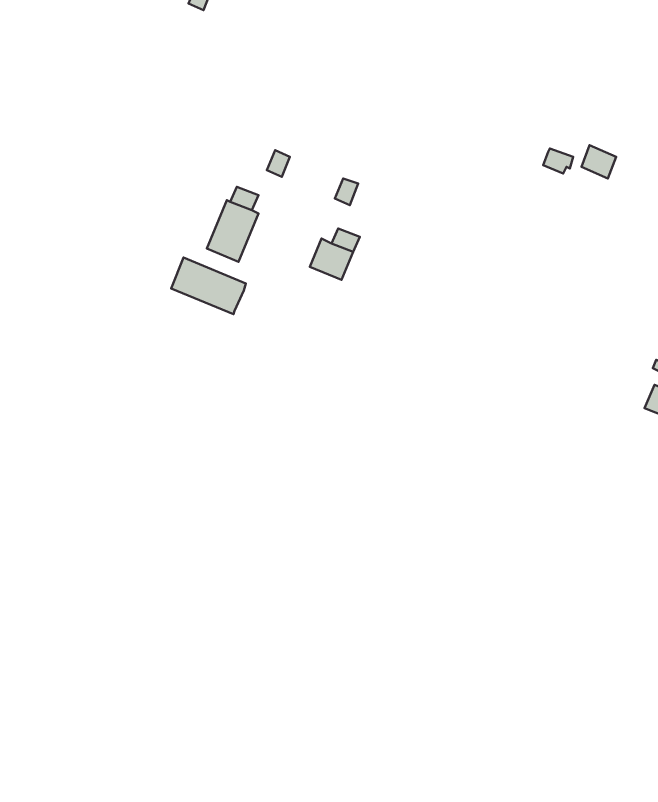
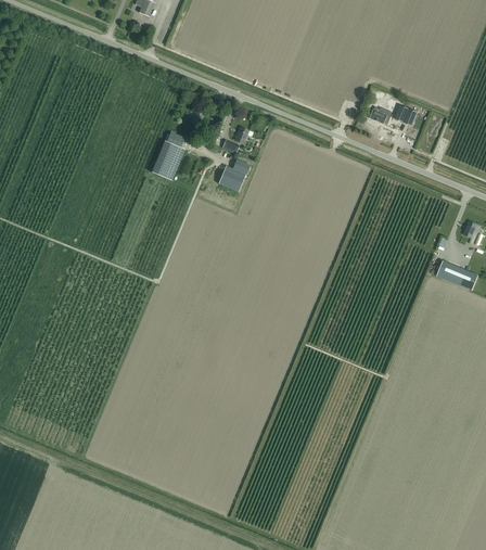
building: [171,258,246,314] -> none

